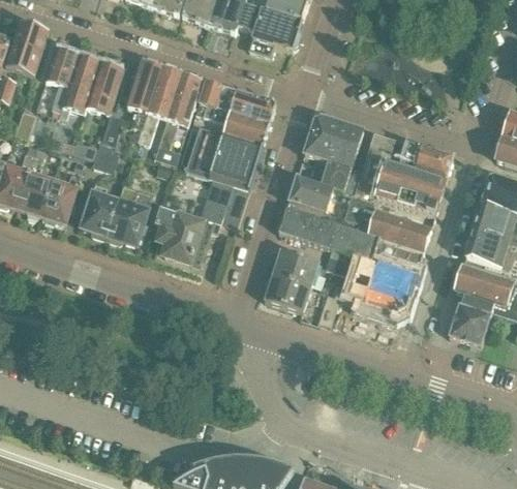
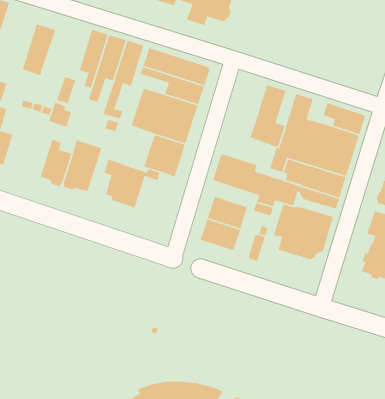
building: [44,44,78,110] -> none
building: [85,59,122,109] -> none
building: [303,115,340,160] -> none
building: [40,159,84,221] -> none
building: [288,175,333,211] -> none

